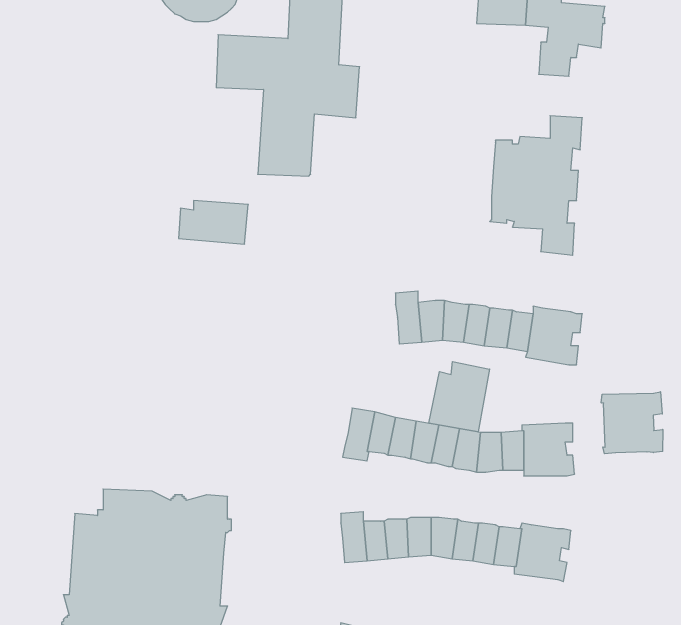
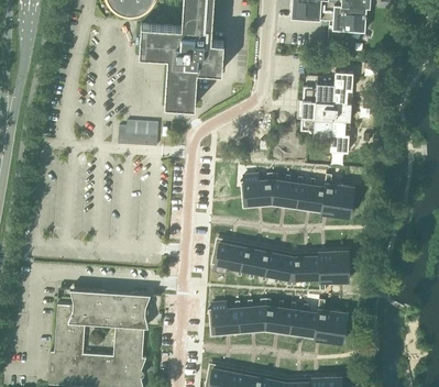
building: [429,362,490,432] -> none
building: [601,392,663,454] -> none

